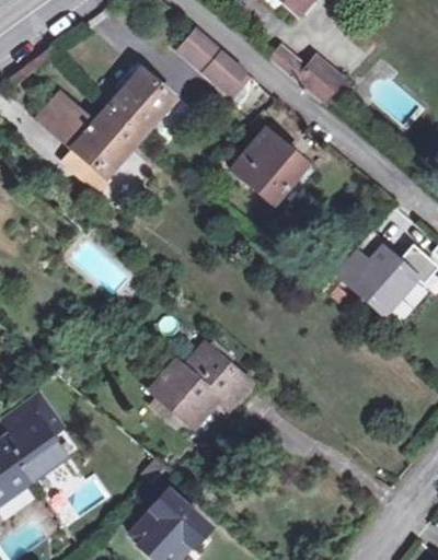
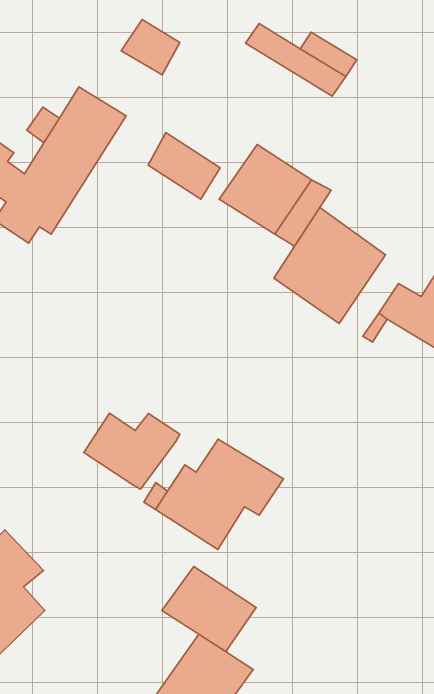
building: [204,50,256,103] -> [148,133,220,199]
building: none -> [274,207,386,324]
building: none -> [84,413,180,489]
building: none -> [162,567,256,652]

